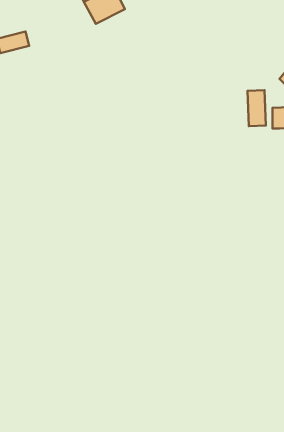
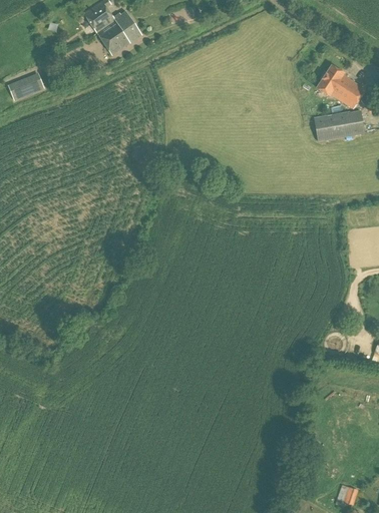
building: [248,90,266,126] -> none

